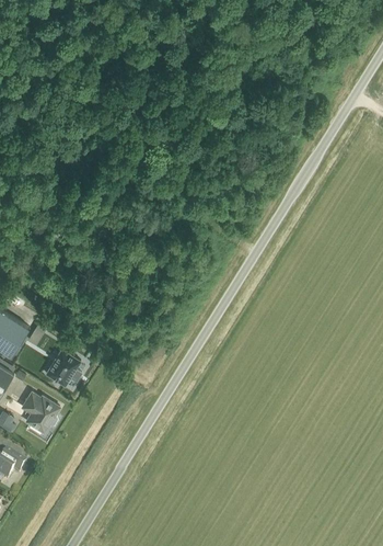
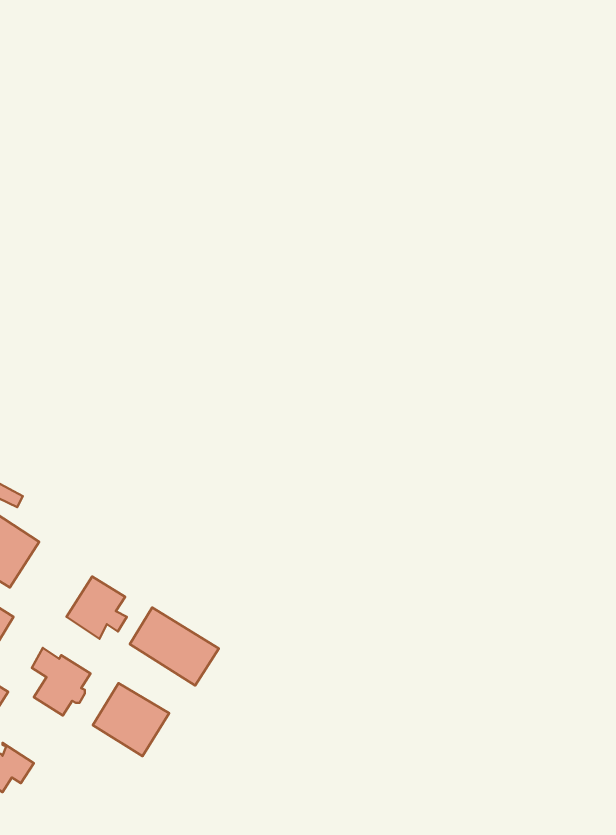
building: none -> [130,608,219,685]
building: none -> [93,683,169,756]

